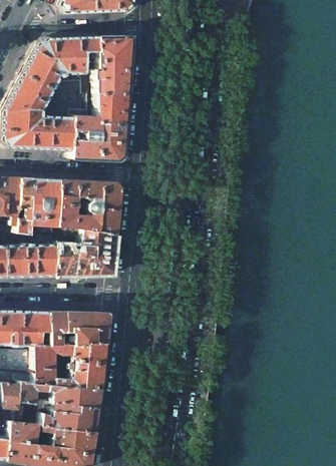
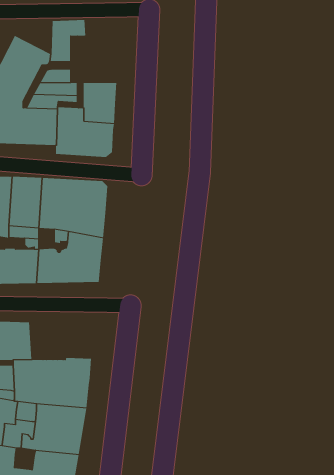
building: [96,35,133,93] -> none
building: [36,37,70,67] -> none
building: [50,311,110,345] -> none

